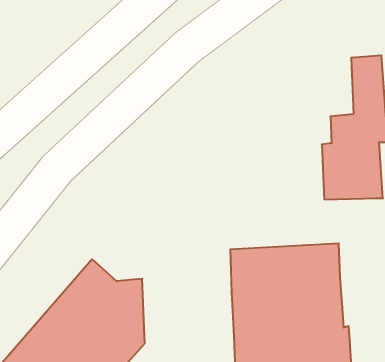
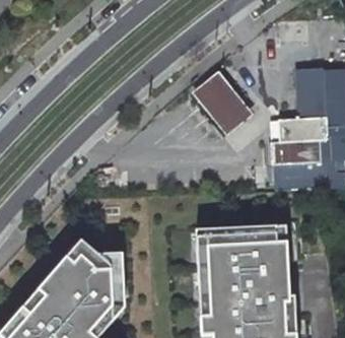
building: none -> [192,71,253,134]

